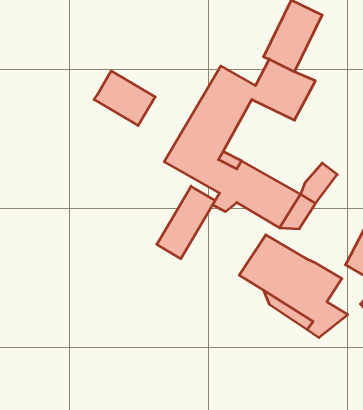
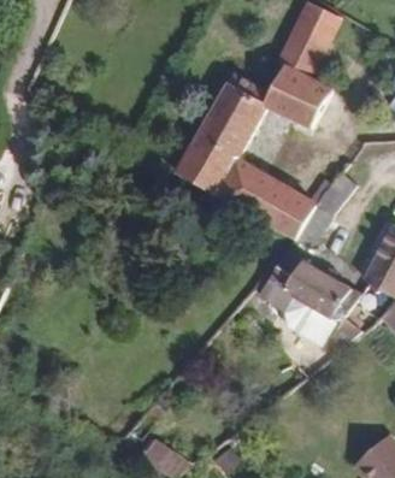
building: [94,71,155,126] -> none
building: [157,186,215,259] -> none

